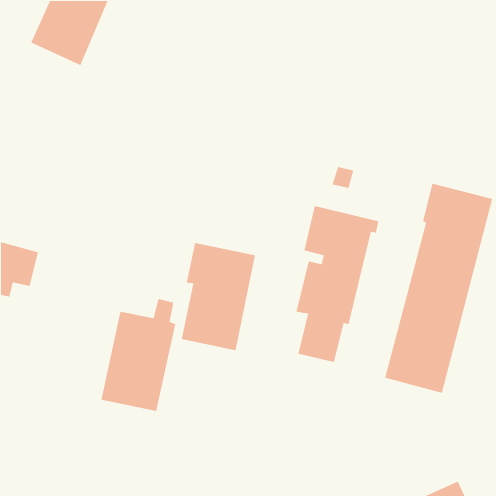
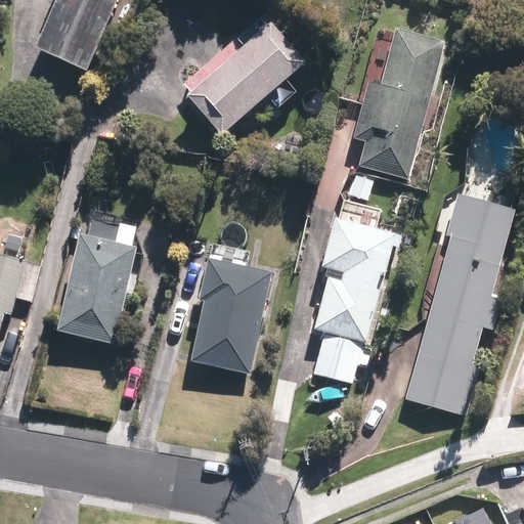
building: none -> [184,18,304,133]
building: none -> [354,29,445,179]
building: [100,298,176,412] -> [56,220,136,340]

